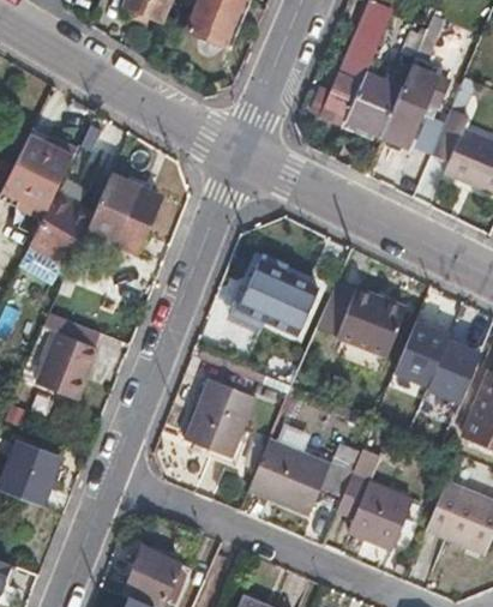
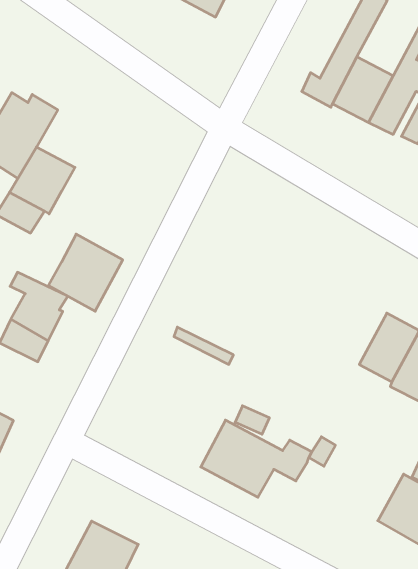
building: [86,175,157,250] -> [49,234,123,311]
building: [240,263,317,335] -> none
building: [317,282,403,356] -> none
building: [185,378,257,458] -> none
building: [336,475,409,546] -> none

